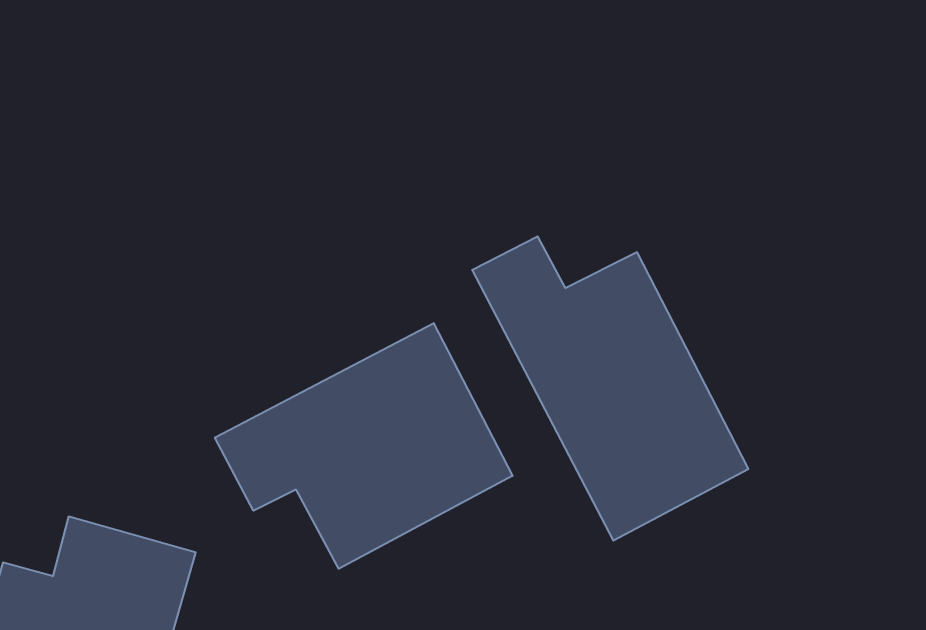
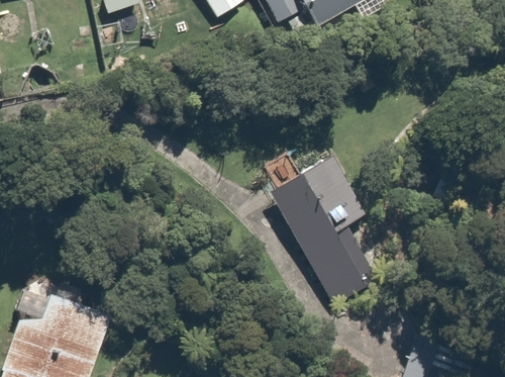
building: [215,323,513,569] -> none

